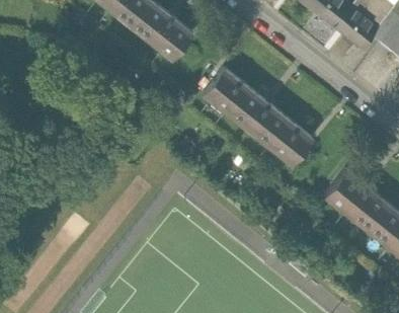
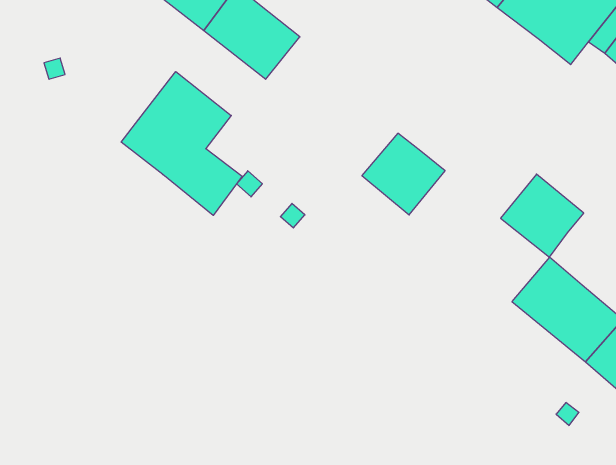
building: none -> [121,72,242,215]
building: [203,68,254,119] -> none
building: [261,115,313,167] -> [501,174,584,257]

